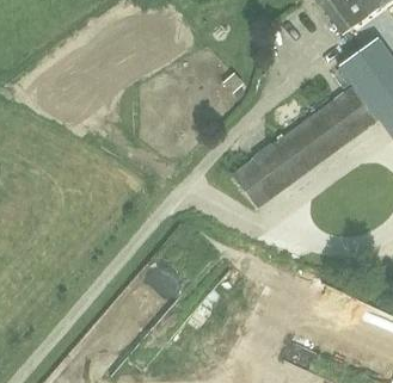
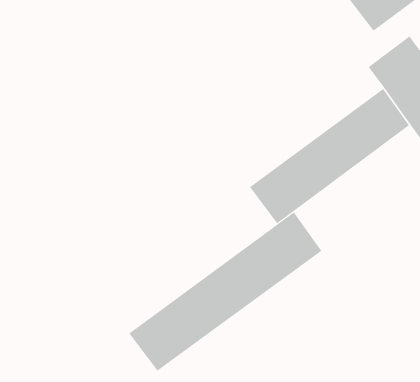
building: none -> [128,212,322,371]

